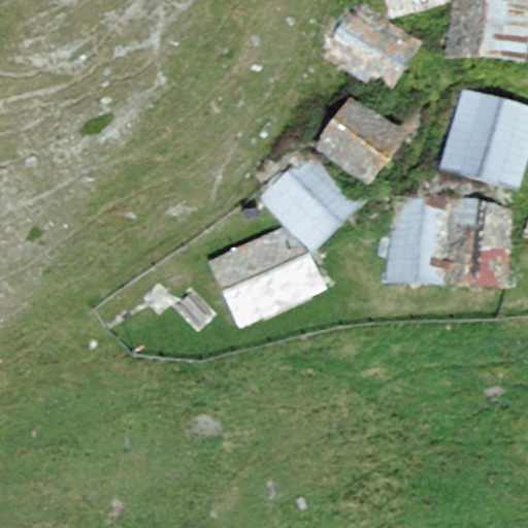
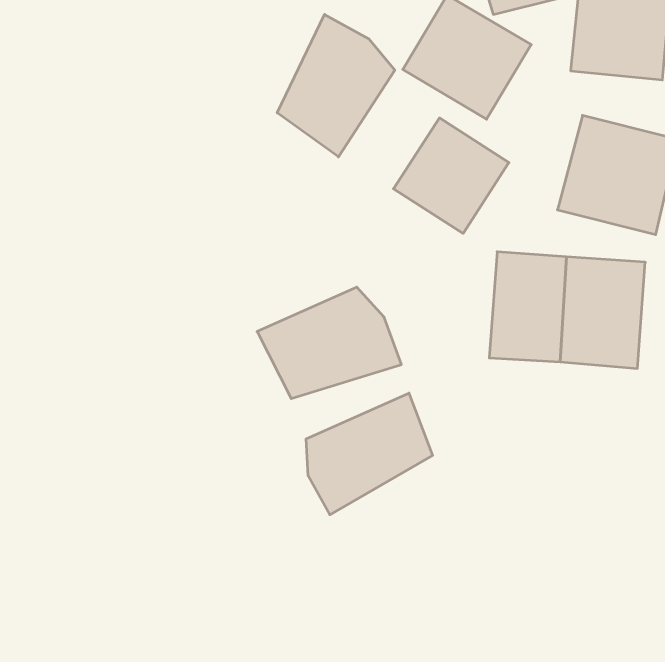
building: none -> [277,14,395,157]
building: [261,157,354,250] -> none
building: none -> [306,393,433,515]

